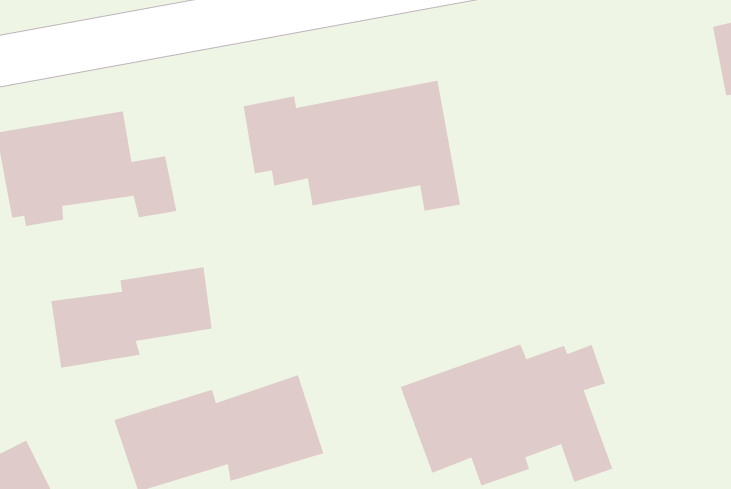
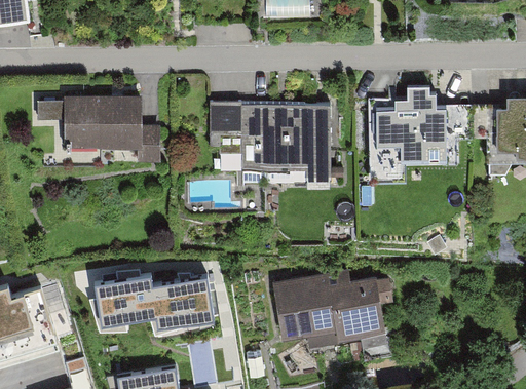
building: none -> [365,102,452,167]
building: [51,267,212,369] -> none

